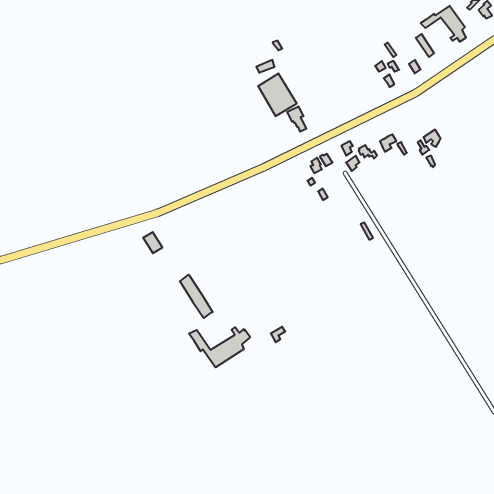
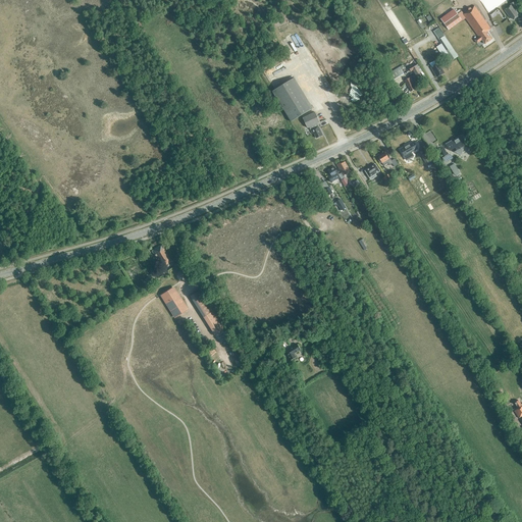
building: none -> [160,286,188,318]
building: [189,327,250,367] -> none

